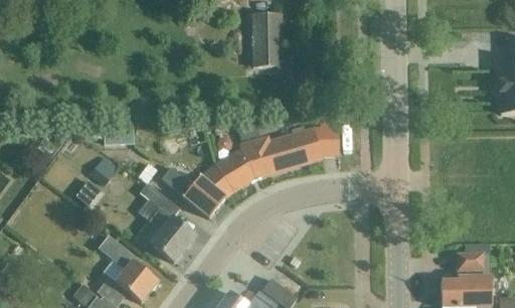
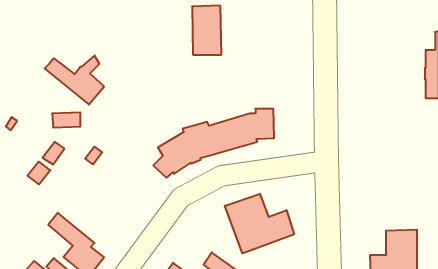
building: [161,165,224,217] -> [45,55,104,105]
building: [139,185,193,263] -> none
building: none -> [225,194,294,253]

